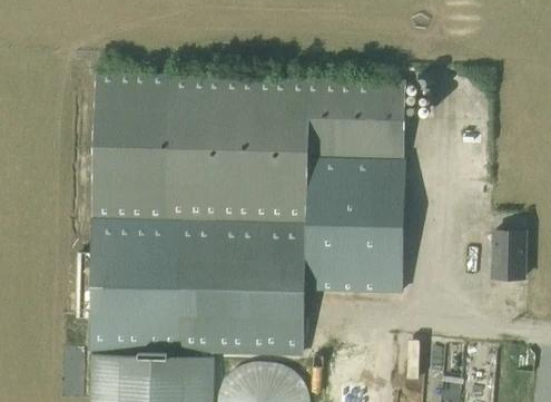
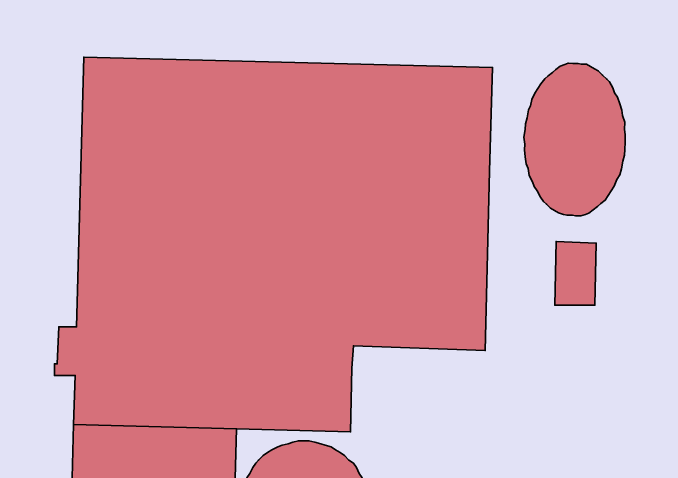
building: none -> [524,63,625,216]
building: [493,229,524,277] -> [555,242,596,305]

